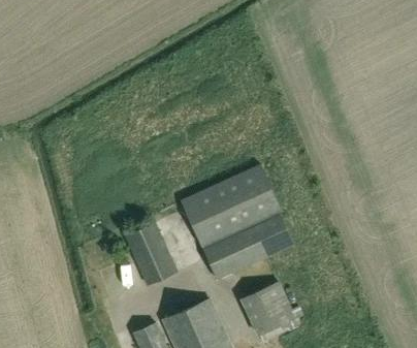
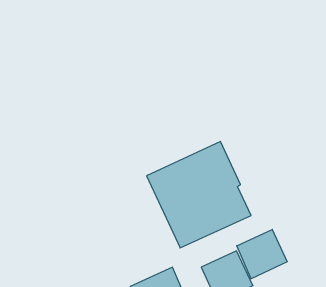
building: [125,222,175,284] -> none
building: none -> [237,229,287,279]

